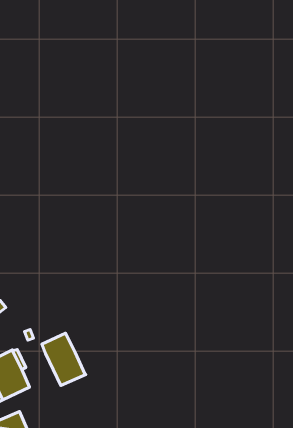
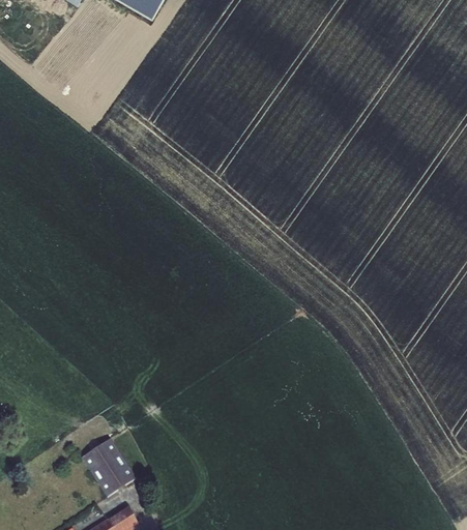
building: [42,333,86,386] -> none

